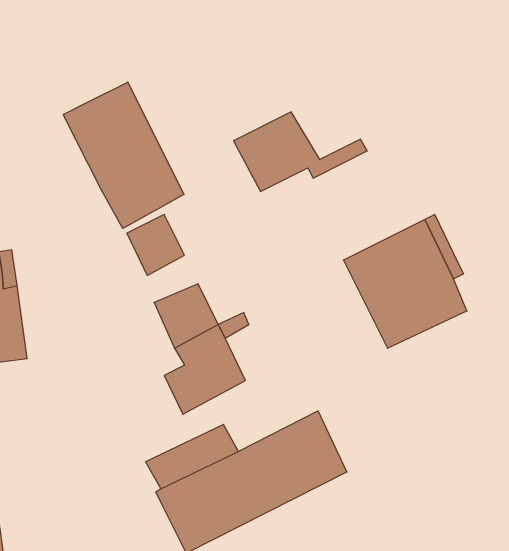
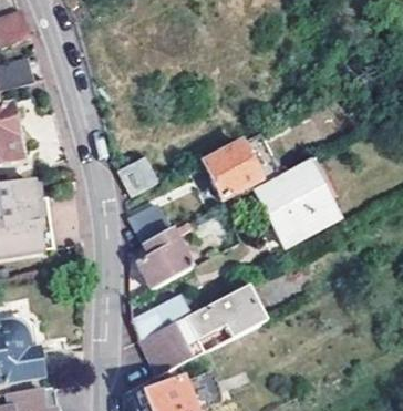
building: [63,82,184,228] -> none
building: [234,112,367,192] -> [205,144,292,196]

